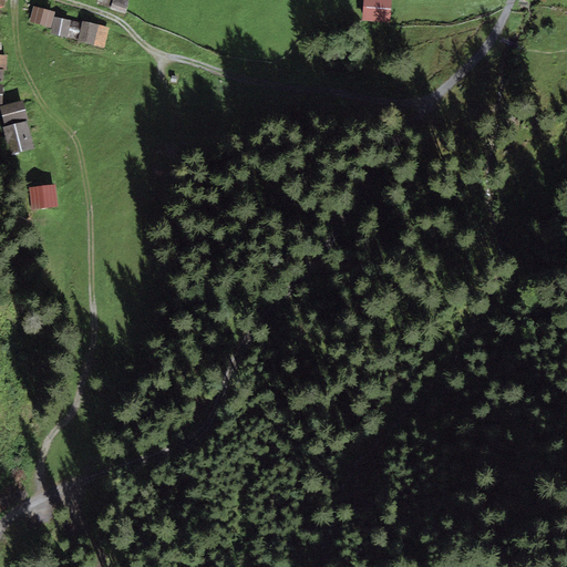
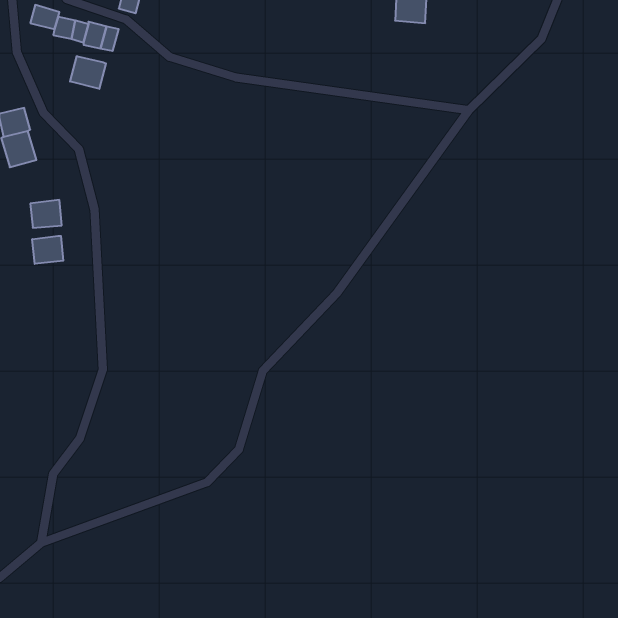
building: none -> [70,56,106,89]
building: none -> [32,236,63,264]

